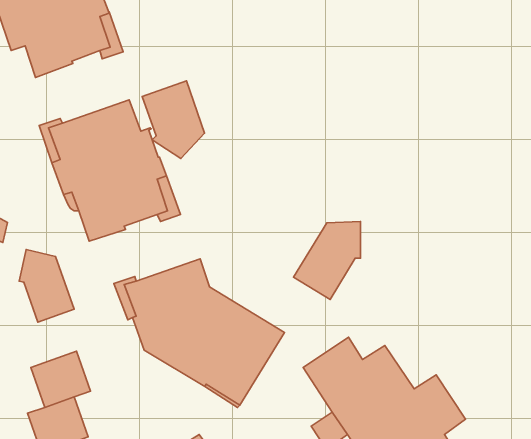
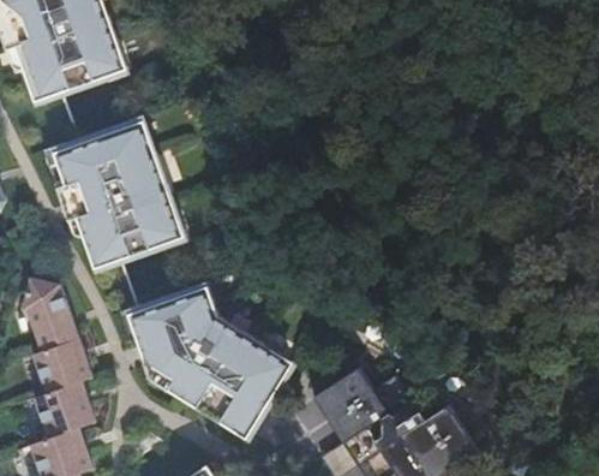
building: [142,81,205,159] -> none
building: [294,221,361,299] -> none
building: none -> [32,338,92,393]

